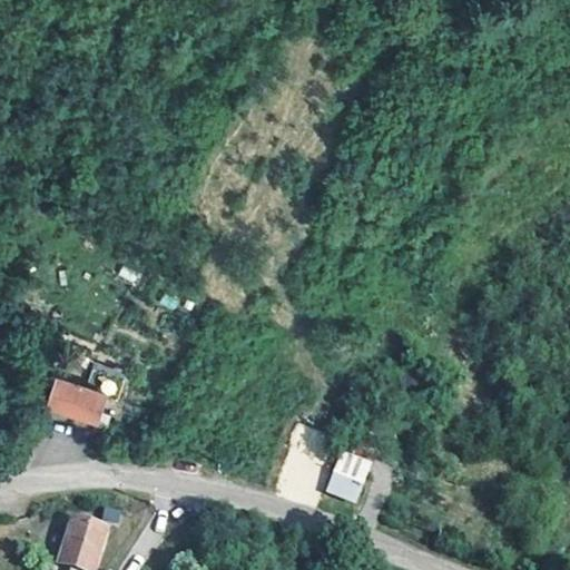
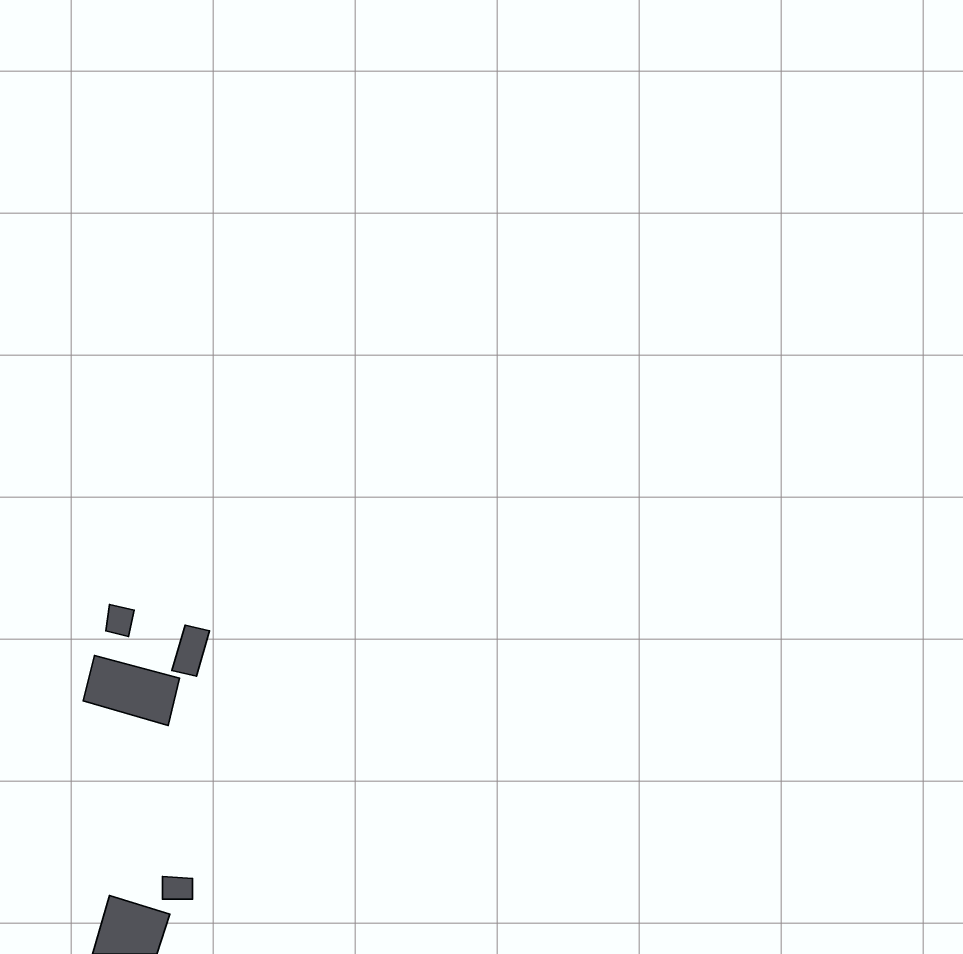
building: [326,442,373,497] -> none

